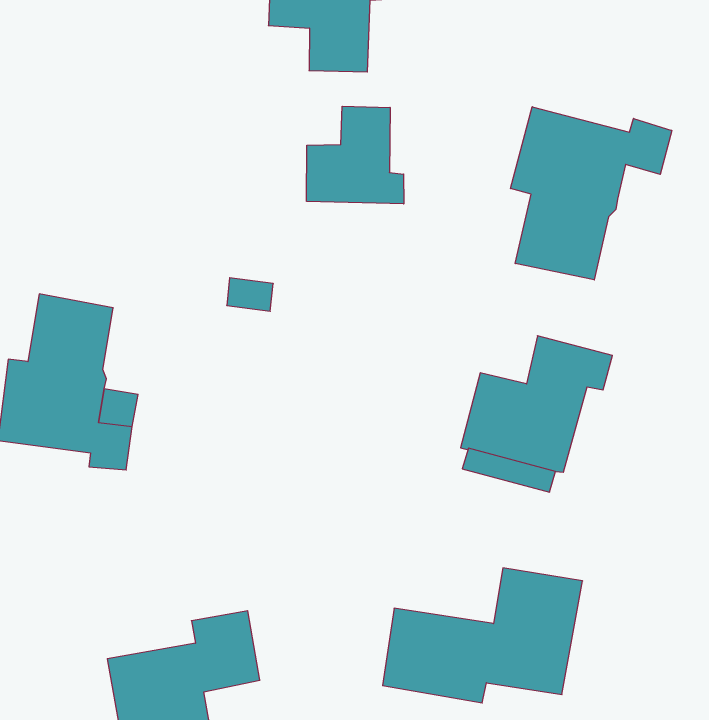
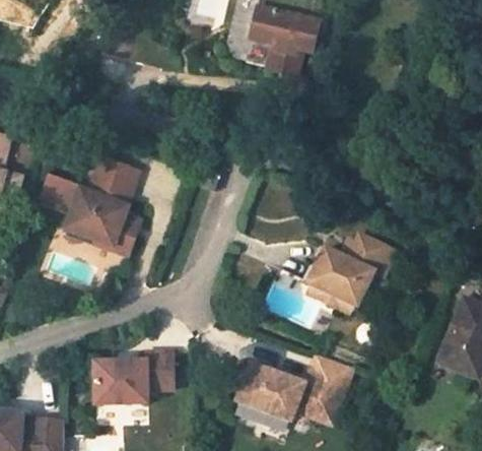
building: [307,106,404,204] -> none
building: [511,107,672,280] -> none

